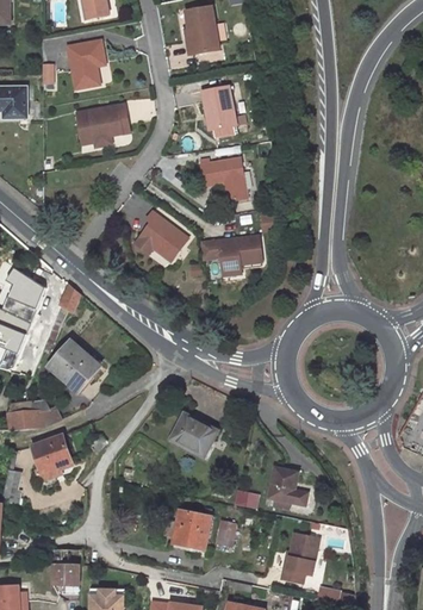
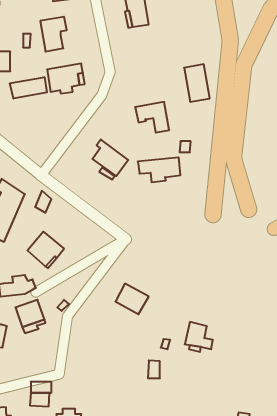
building: [201,86,237,138] -> [184,64,210,102]
building: none -> [10,77,47,99]
building: [173,510,211,549] -> none
building: [280,533,318,581] -> none

